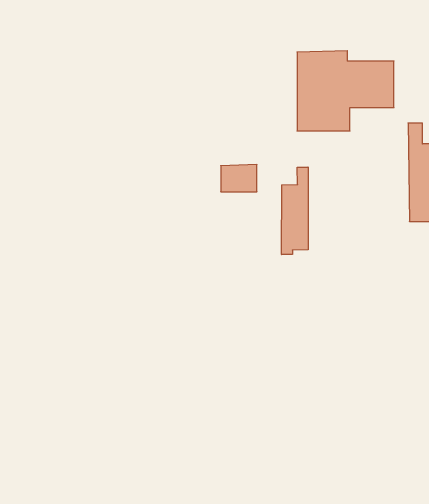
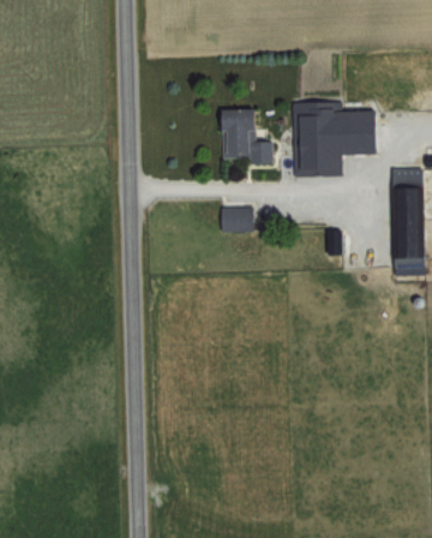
building: none -> [226,109,277,161]
building: [282,167,308,255] -> none

